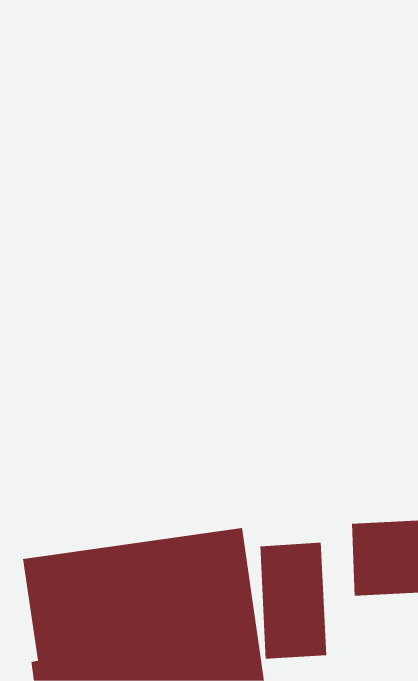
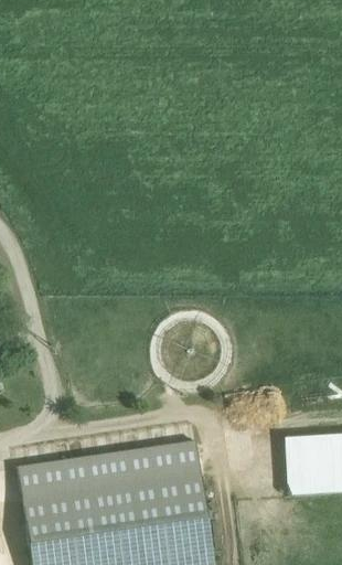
building: [260,542,327,659] -> none

